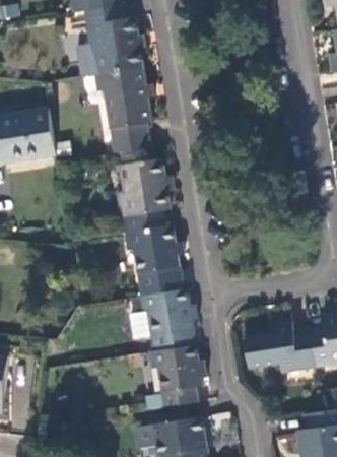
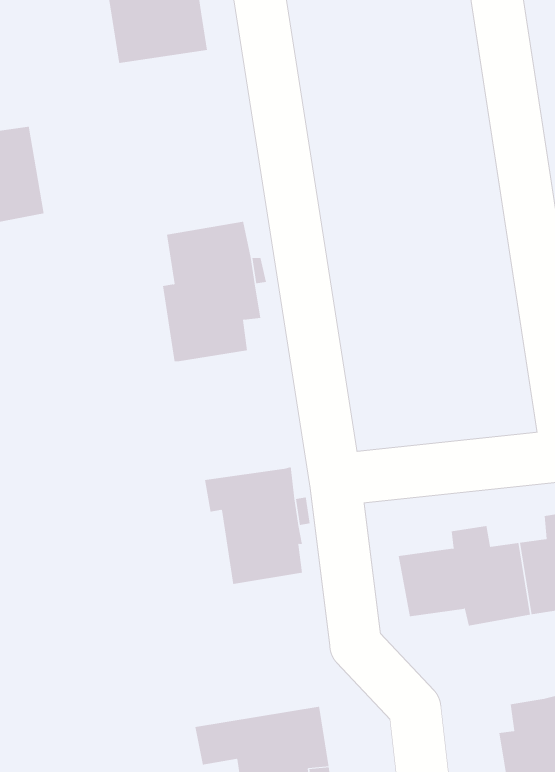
building: [93,66,150,152] -> none
building: [125,225,182,296] -> none
building: [148,345,201,407] -> none

